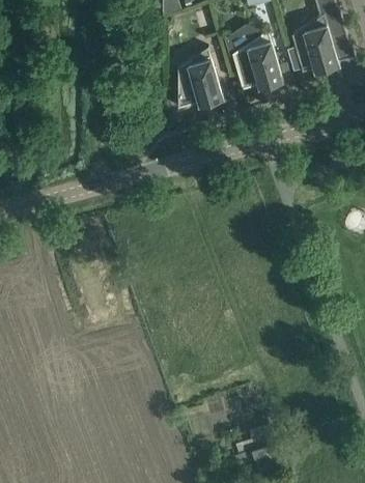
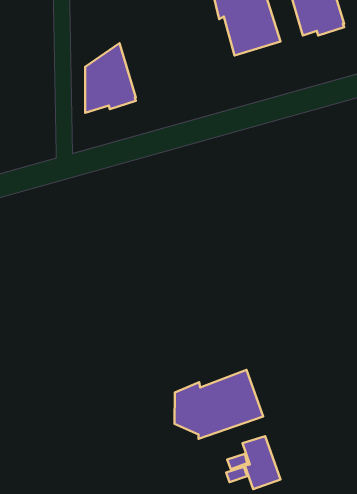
building: [178,50,223,111] -> [85,43,136,113]
building: none -> [175,370,263,439]

